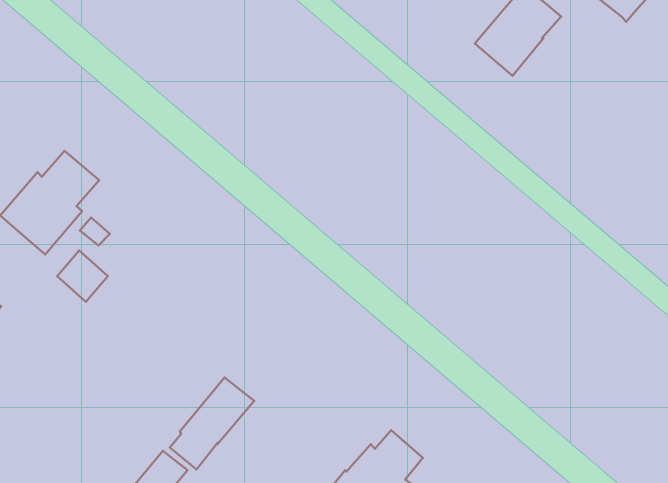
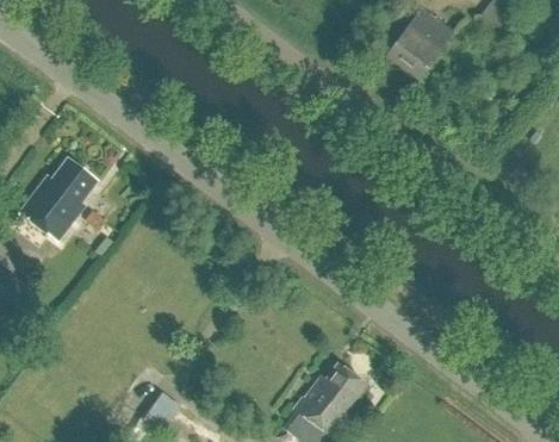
building: [57,251,108,302] -> none
building: [170,377,254,469] -> none

